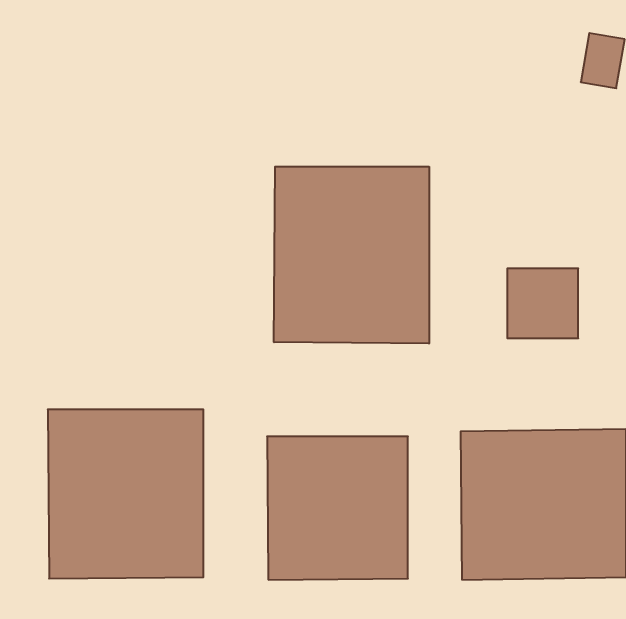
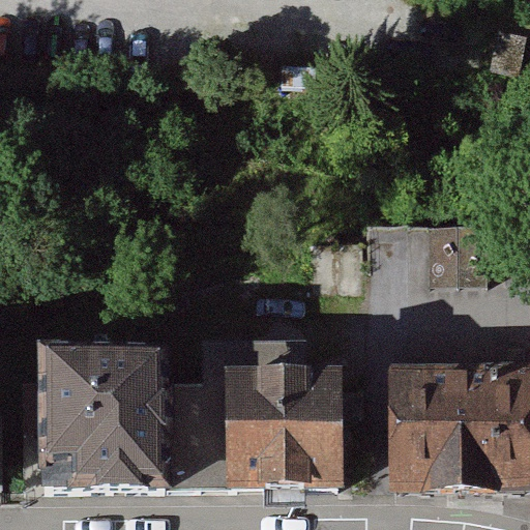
building: [274,167,429,344] -> none
building: none -> [172,341,306,487]

